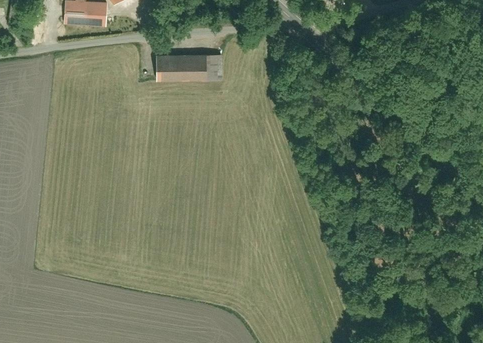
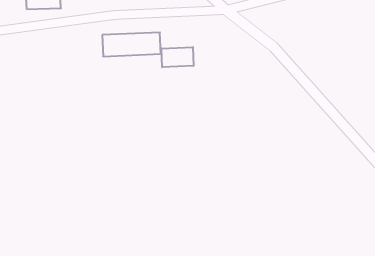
building: none -> [162,47,193,67]

